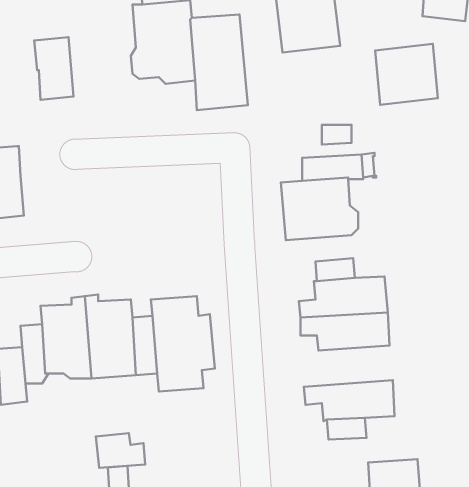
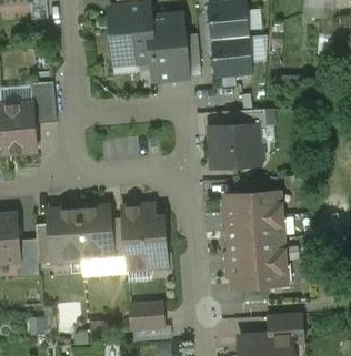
building: [34,37,74,100] -> [30,81,57,123]
building: [375,44,438,105] -> [211,35,253,77]
building: none -> [225,237,285,265]
building: [96,433,145,468] -> [130,304,163,327]

